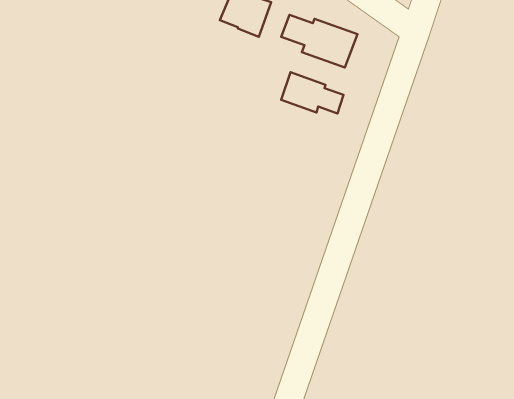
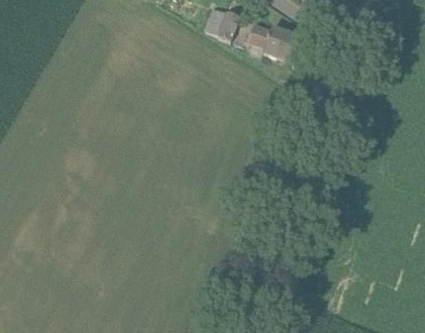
building: [281,72,344,113] -> none

